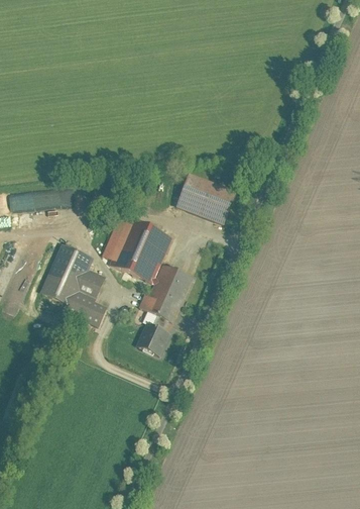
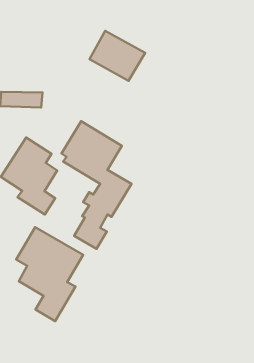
building: [176,172,238,224] -> [89,31,145,81]
building: none -> [16,227,83,321]

